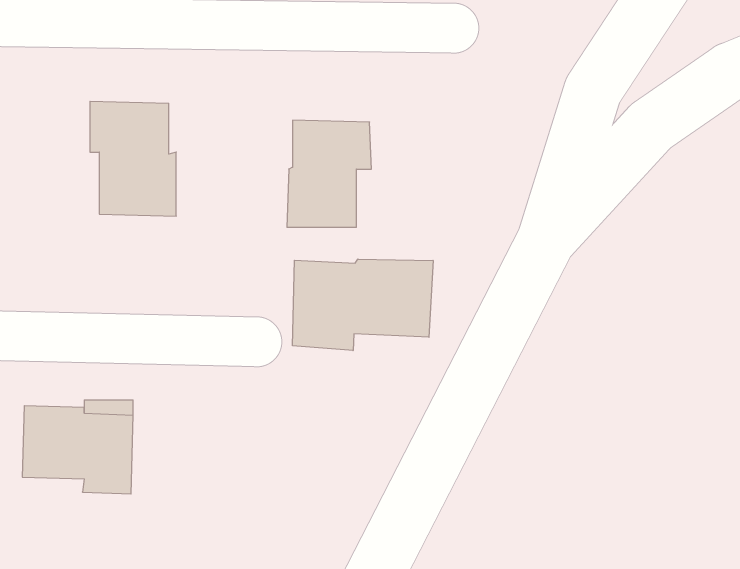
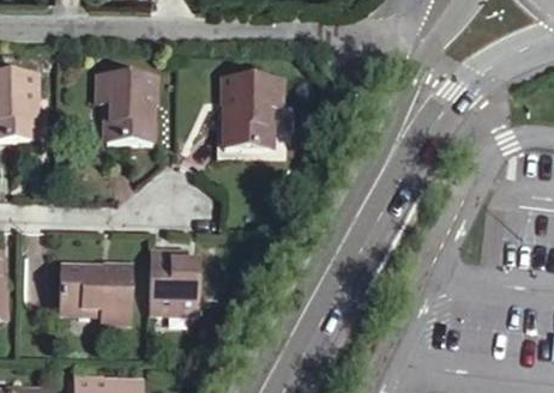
building: [293,259,433,351] -> none
building: none -> [146,249,198,315]

